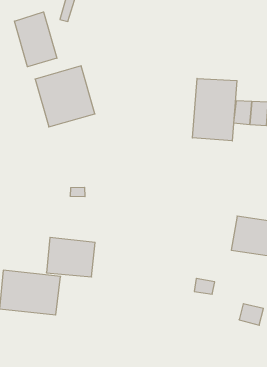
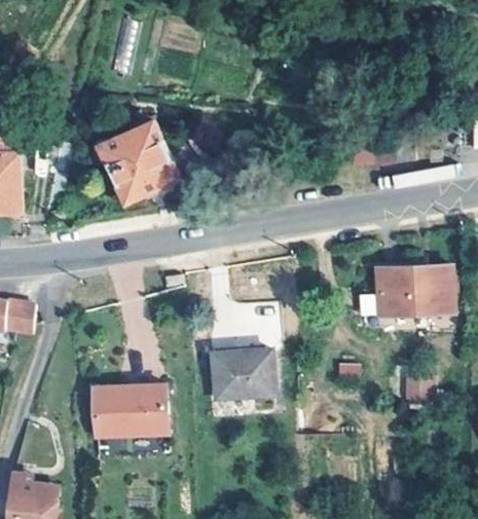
building: [14,12,57,67] -> none
building: [192,78,237,141] -> none
building: [46,237,95,277] -> [214,348,272,395]

